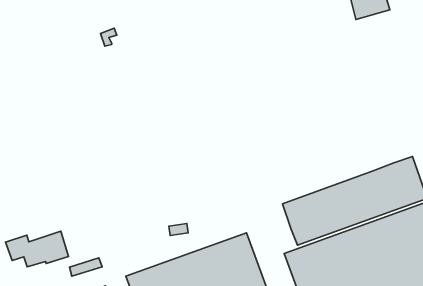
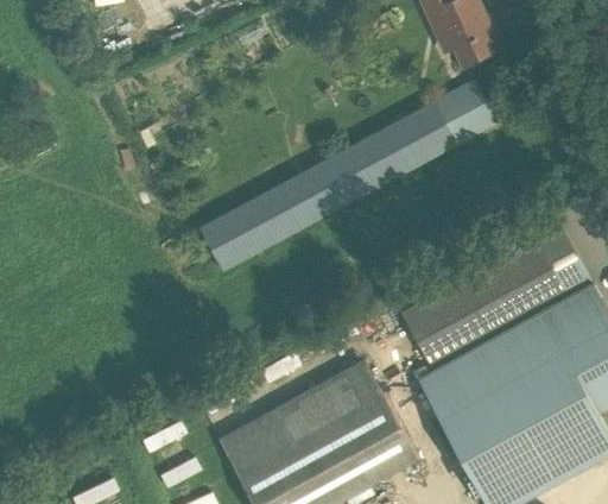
building: none -> [200,81,498,270]
building: [6,231,69,267] -> none

